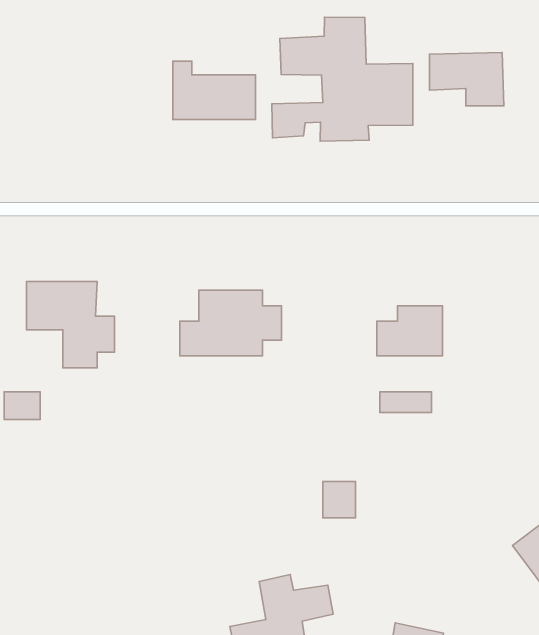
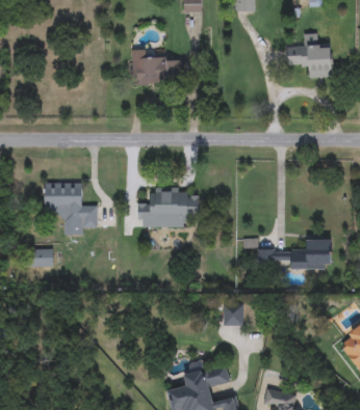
building: [272,17,413,141] -> none
building: [377,306,442,356] -> [291,240,331,270]

